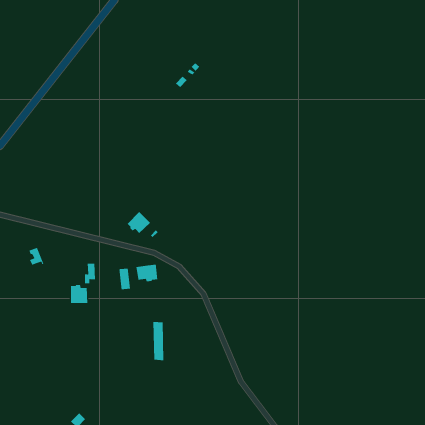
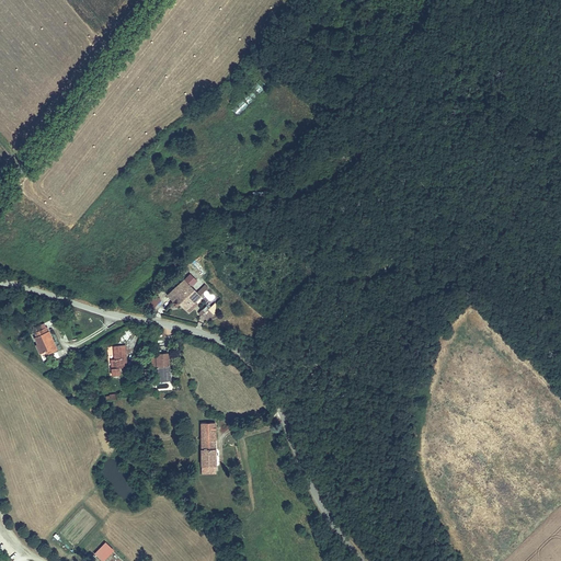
building: [136,264,158,282] -> none
building: [70,284,88,304] -> none

